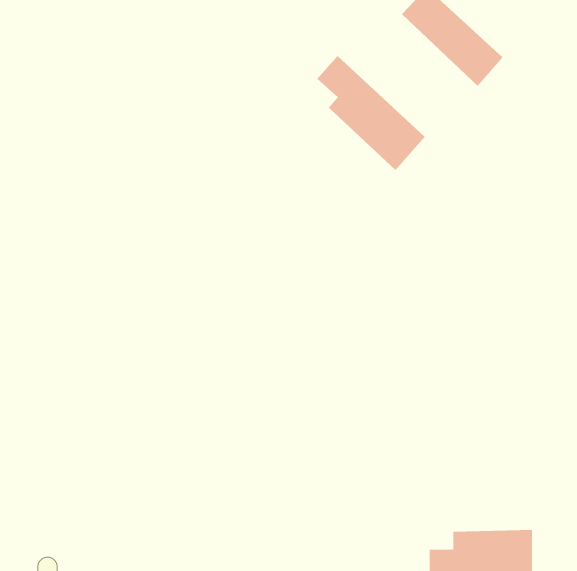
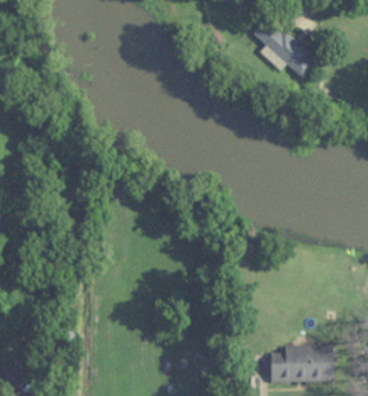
building: [317,55,426,171] -> none

